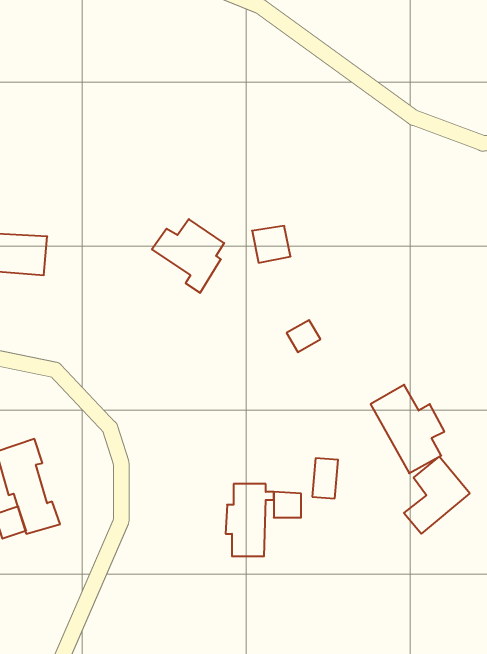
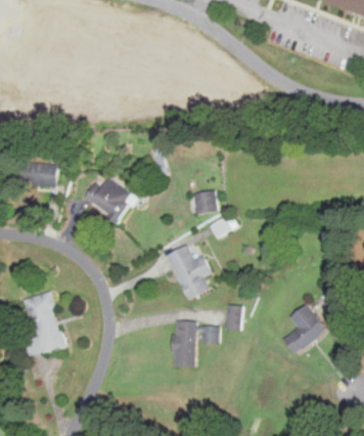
building: [152,219,224,293] -> [84,177,130,224]
building: [252,226,291,263] -> [192,190,217,214]
building: [371,385,444,473] -> [164,244,211,300]

